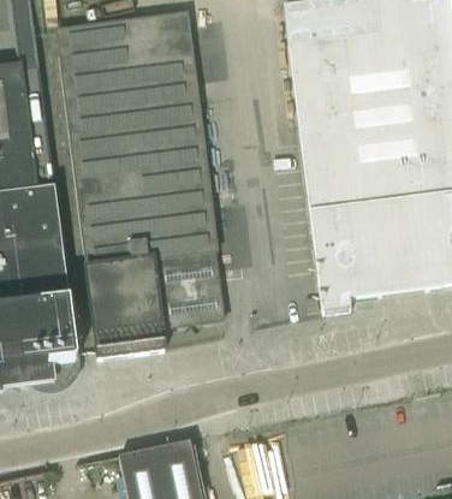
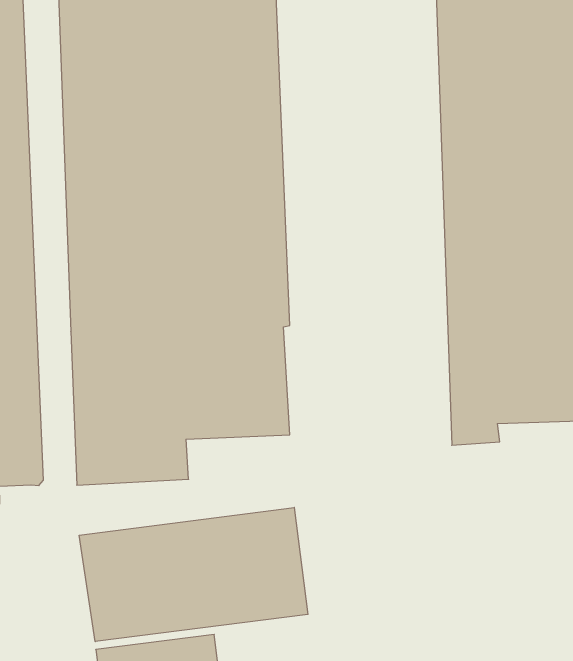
building: none -> [79,507,308,642]

